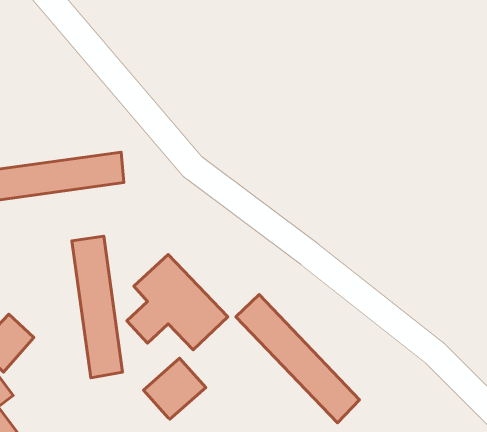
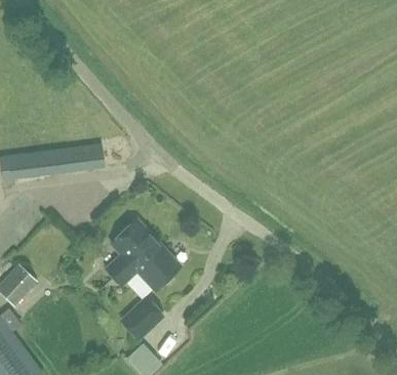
building: [72,236,123,378] -> none
building: [236,295,360,423] -> none

